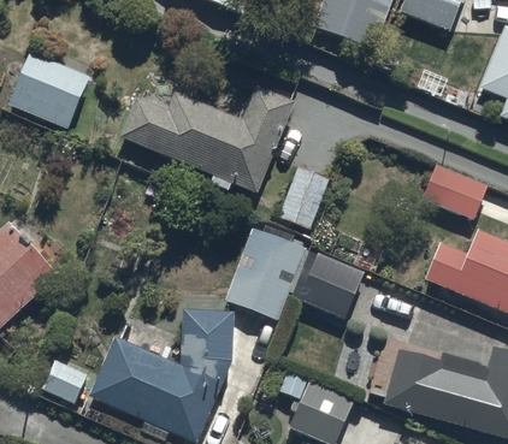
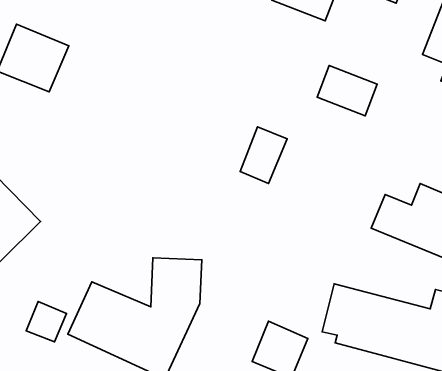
building: [119,83,294,194] -> none
building: [420,164,486,219] -> [317,66,377,116]
building: [224,226,362,321] -> none

